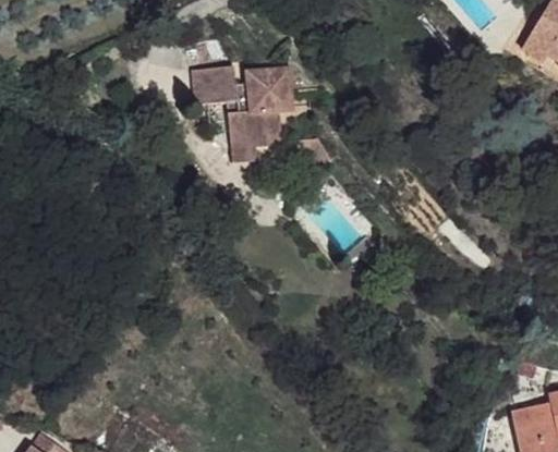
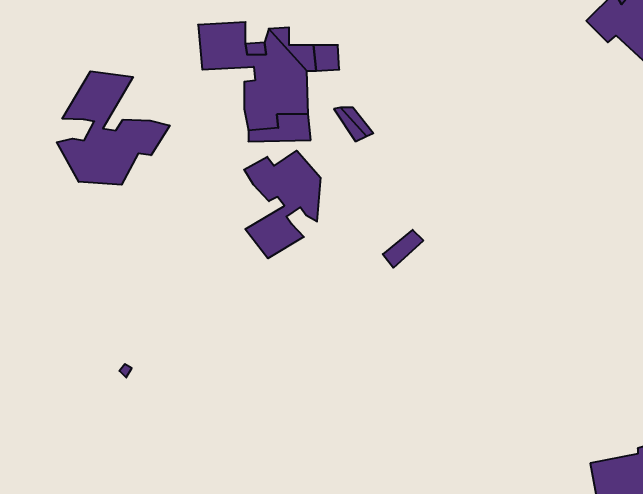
building: none -> [57,71,170,185]
building: none -> [244,151,320,258]

